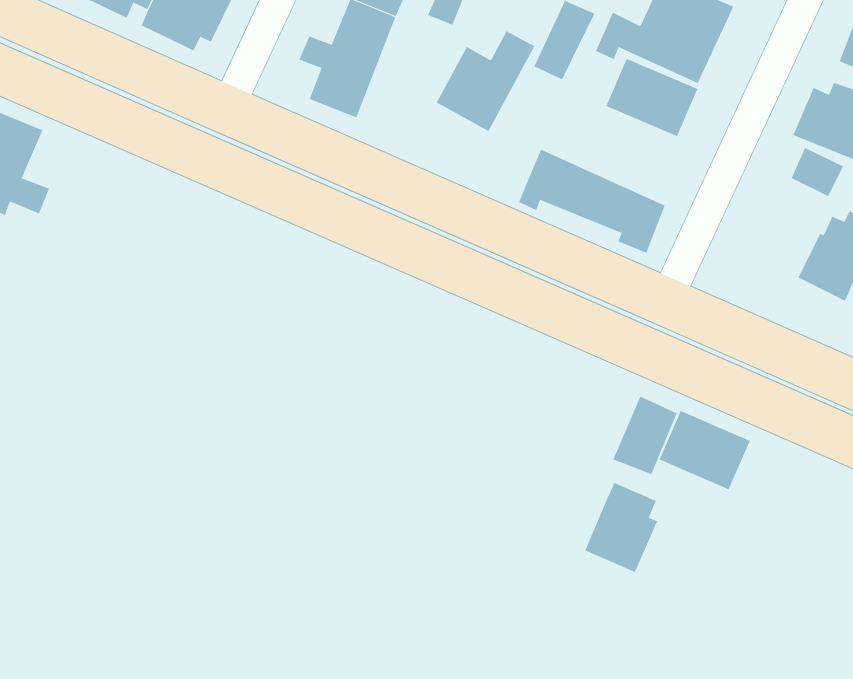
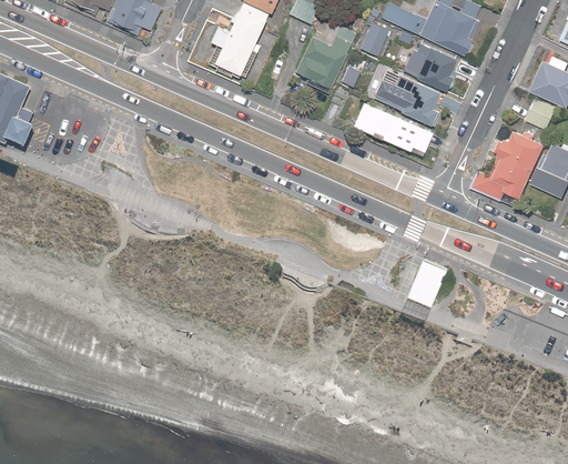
building: none -> [371,74,459,129]
building: none -> [471,131,548,205]
building: [659,410,750,490] -> none
building: [585,482,658,573] -> none

